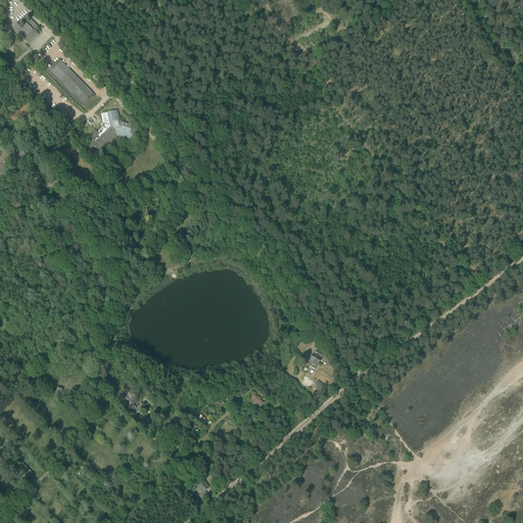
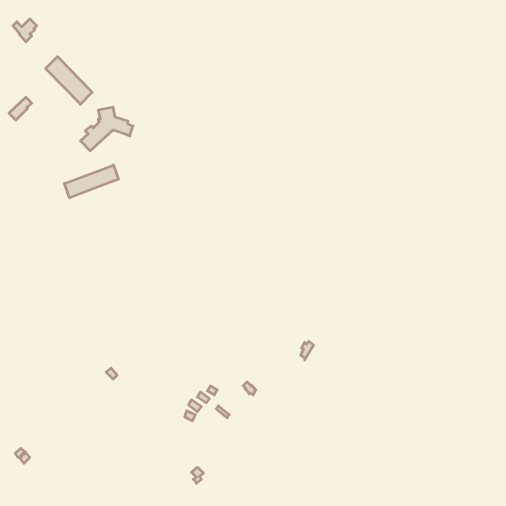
building: none -> [64,165,118,198]

